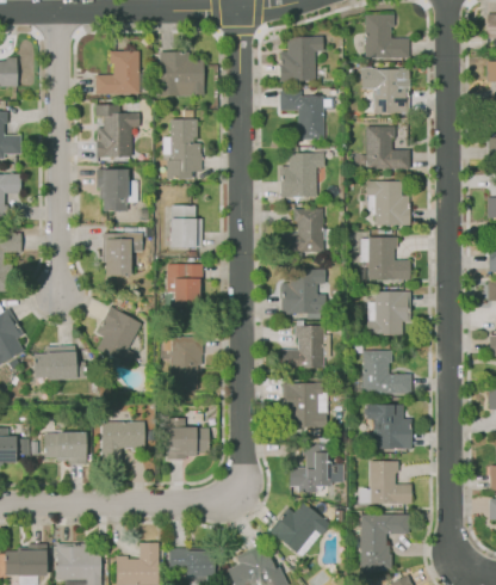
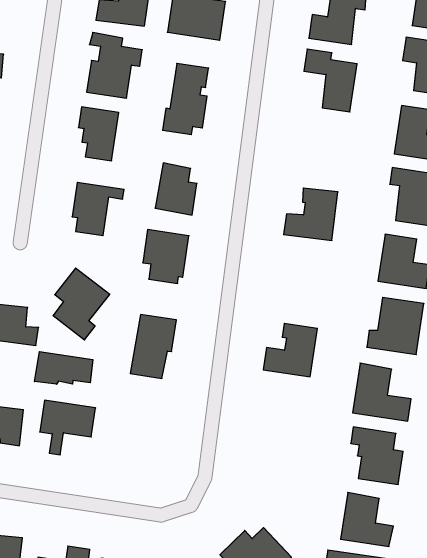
building: [280,152,324,197] -> none
building: [281,269,329,314] -> none
building: none -> [35,352,93,384]
building: [281,384,327,426] -> none
building: [167,417,210,458] -> none
building: [290,443,343,491] -> none

